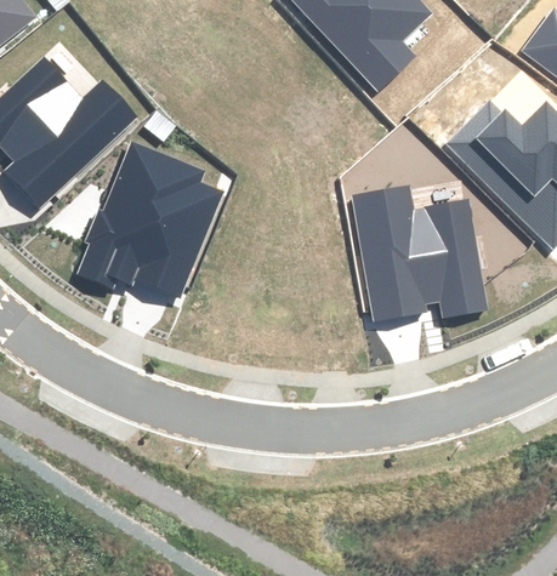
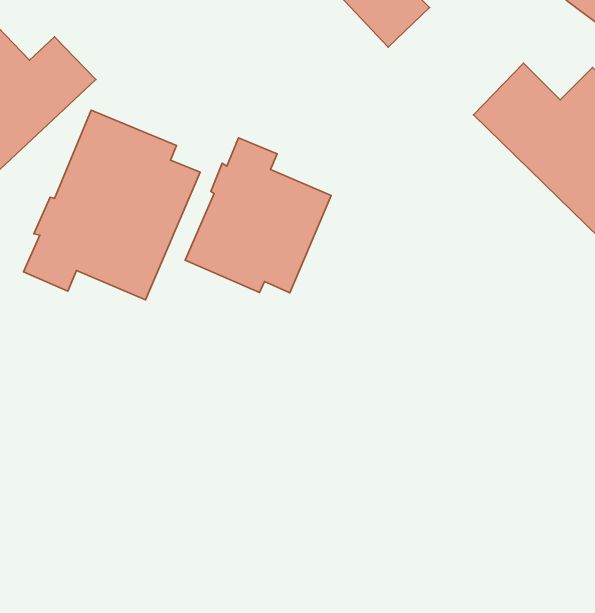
building: none -> [185,138,331,293]
building: [356,187,484,321] -> none

